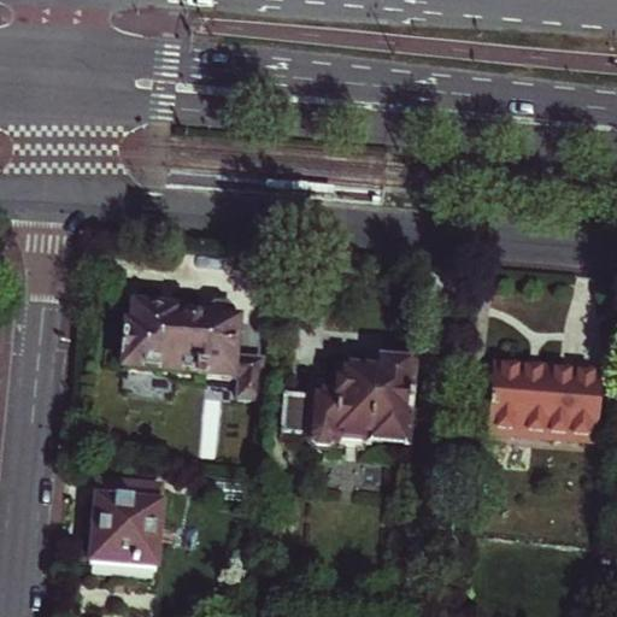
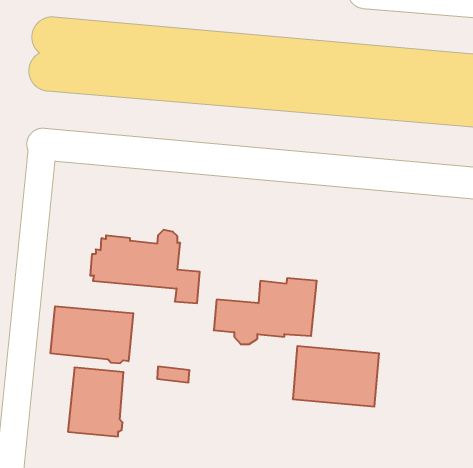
building: [488,357,600,435] -> [293,346,379,407]
building: none -> [51,306,133,363]

